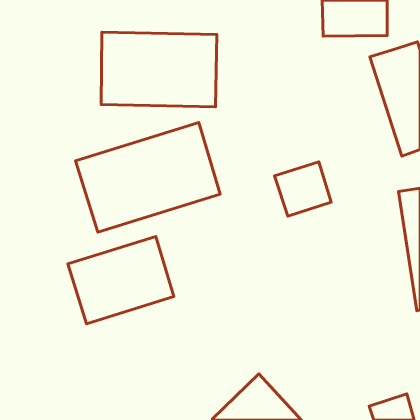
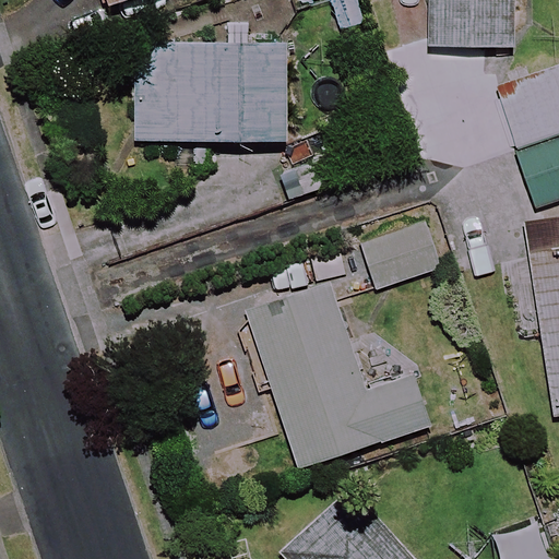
building: [75,123,220,232] -> none
building: none -> [249,287,427,467]
building: [68,236,174,324] -> none

